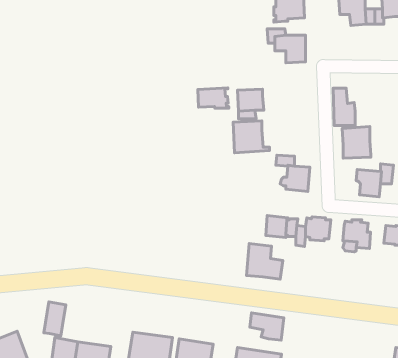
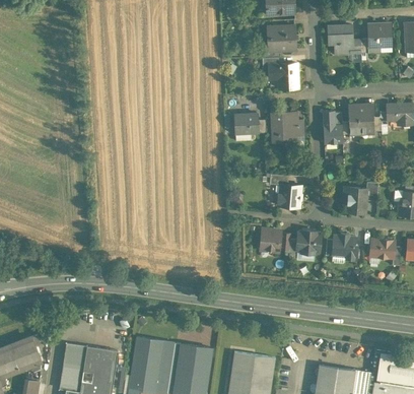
building: [198,88,229,108] -> none
building: [233,121,270,153] -> [271,112,304,141]
building: [342,126,371,158] -> [348,104,374,133]
building: [247,243,283,279] -> none
building: [44,302,66,336] -> none
building: [250,313,284,340] -> none

